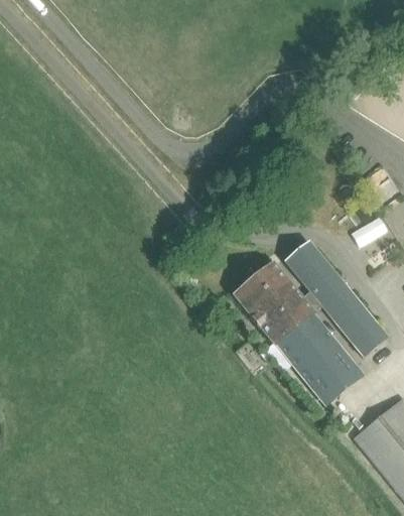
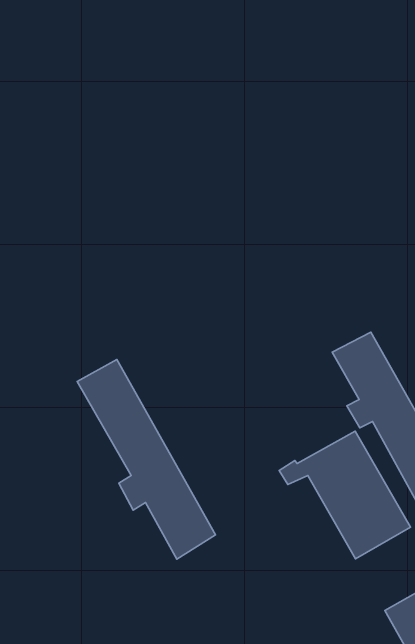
building: [234,262,314,345] -> none
building: none -> [77,359,216,559]

